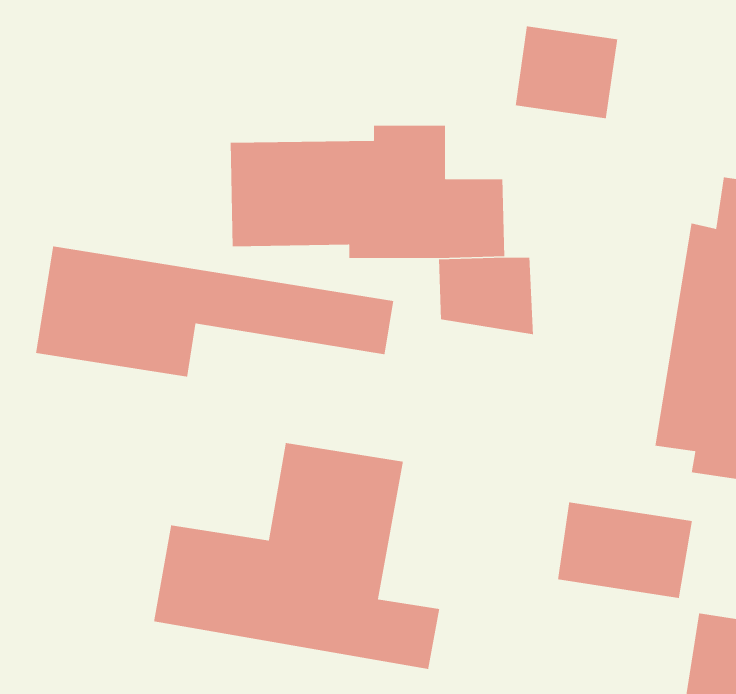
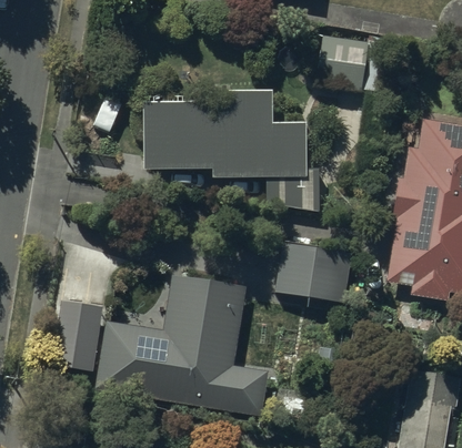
building: [35,246,394,378] -> none
building: none -> [50,301,101,369]
building: [557,501,693,599] -> [275,245,354,302]

